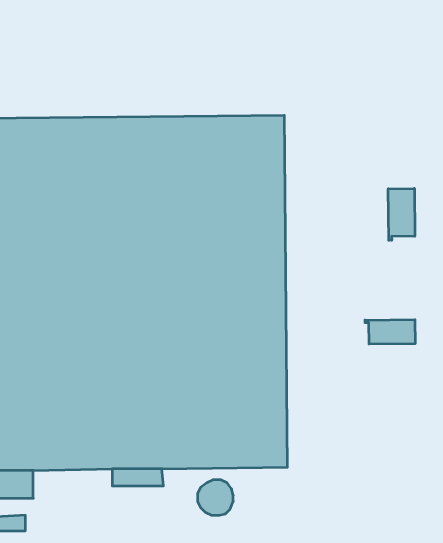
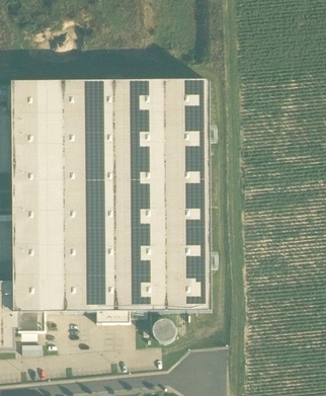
building: [388,188,415,240] -> none
building: [365,320,415,344] -> none

